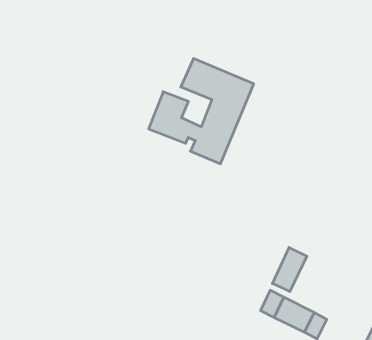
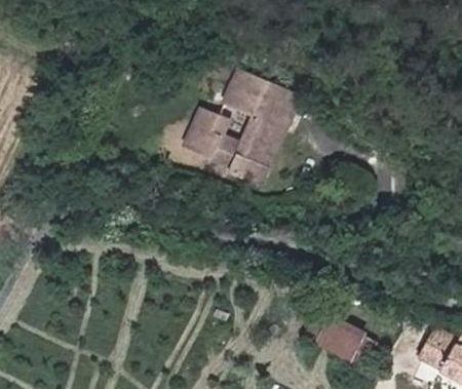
building: [272,247,307,292] -> none

